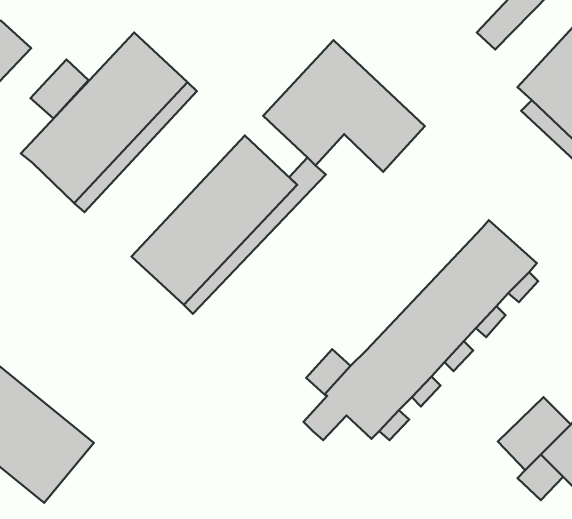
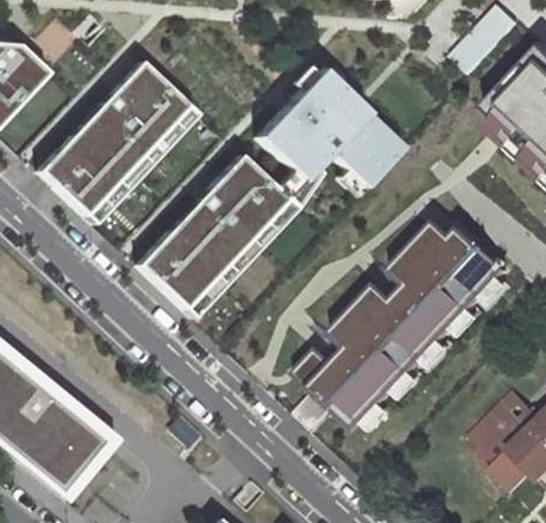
building: [30,60,89,119] -> none
building: none -> [337,219,460,347]

